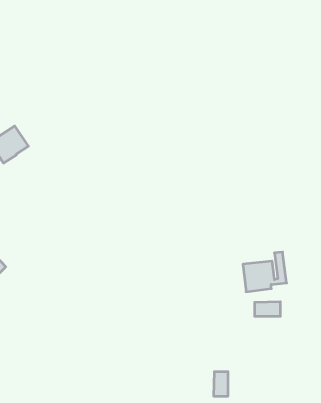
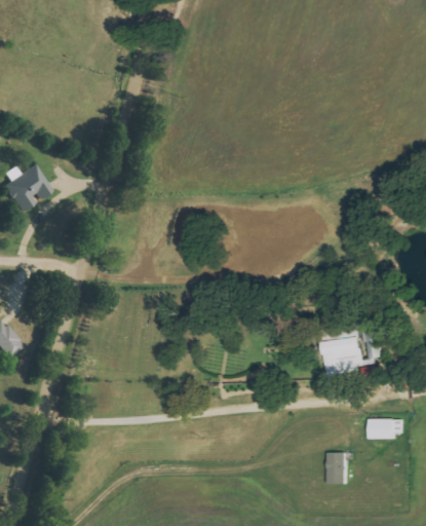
building: [255,302,280,316] -> [367,418,400,437]
building: [214,372,228,396] -> [326,452,345,483]

